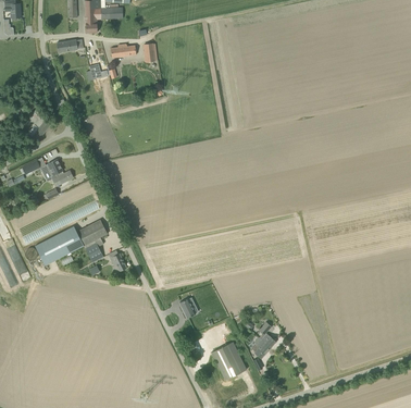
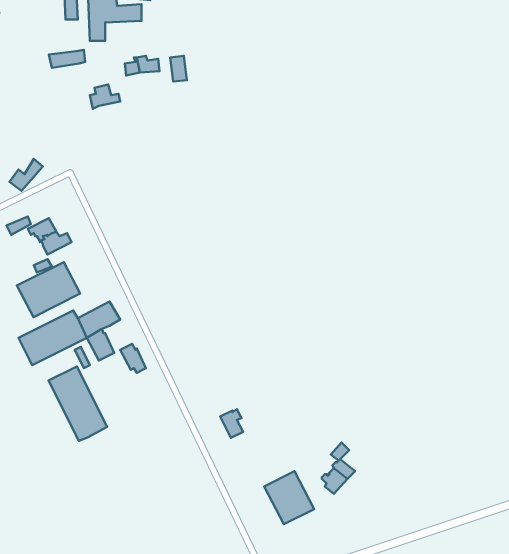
building: none -> [17,262,80,317]
building: none -> [49,366,107,441]

